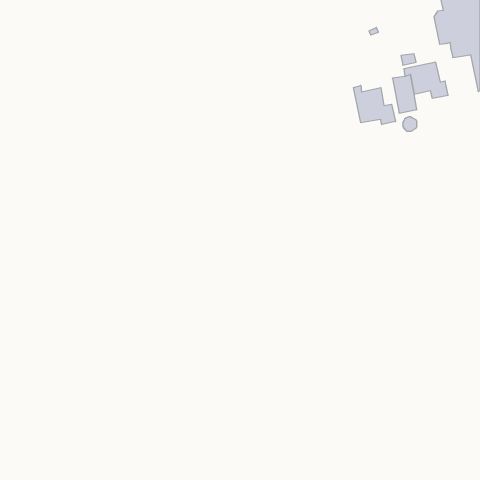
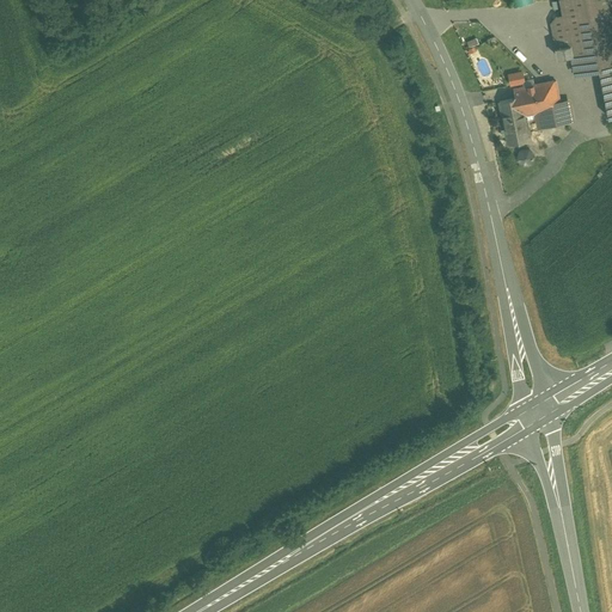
building: [354,85,396,125] -> none

